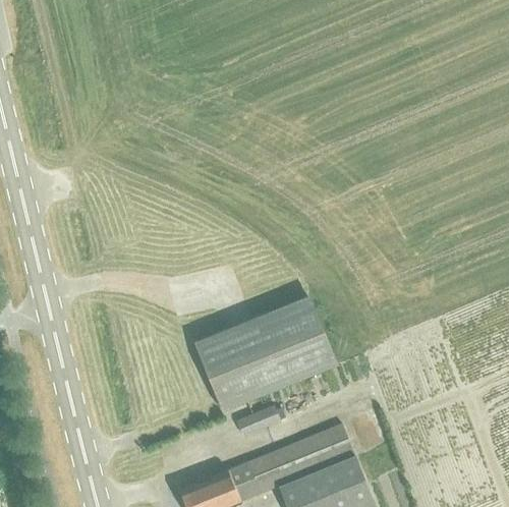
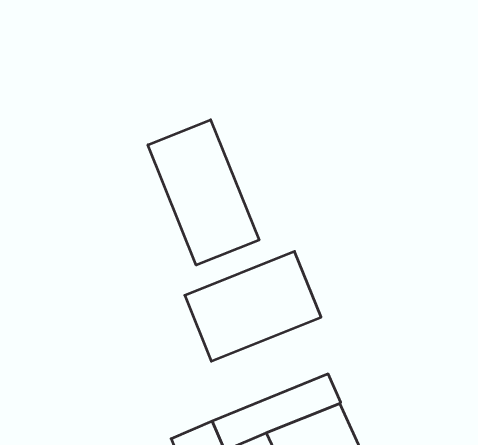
building: none -> [148,120,259,265]
building: [237,405,280,436] -> none

